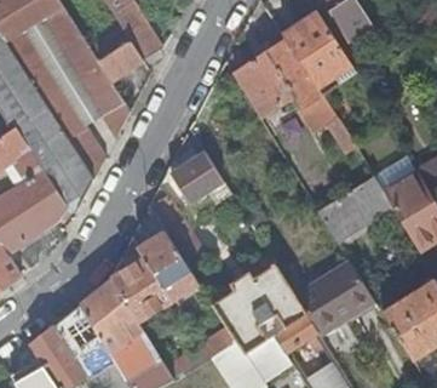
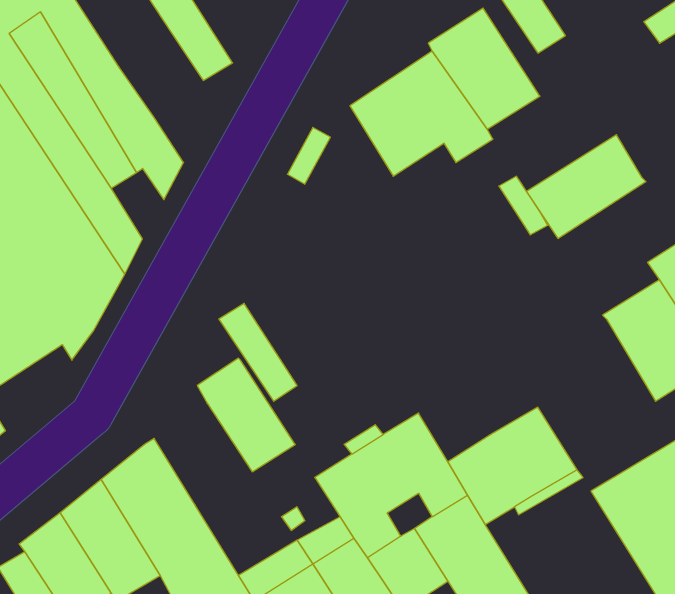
building: [90,28,143,80] -> none
building: [168,150,223,204] -> none
building: [317,176,391,240] -> [527,135,646,238]
building: [111,257,172,320] -> none

